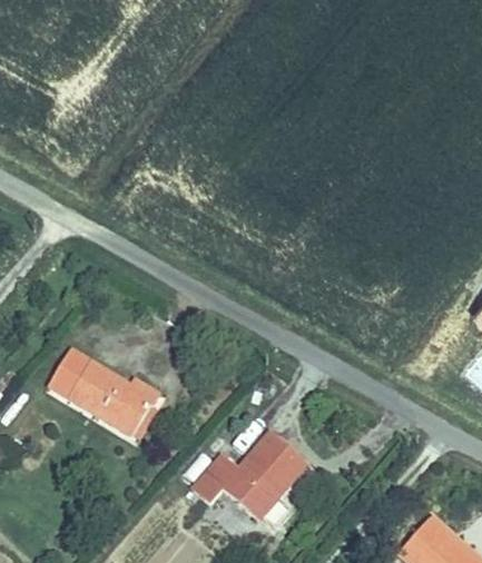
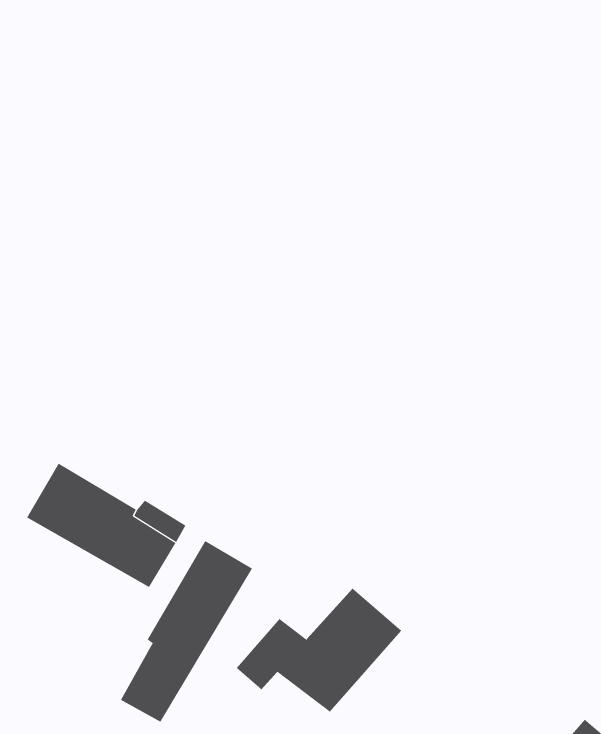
building: none -> [120,540,253,723]

